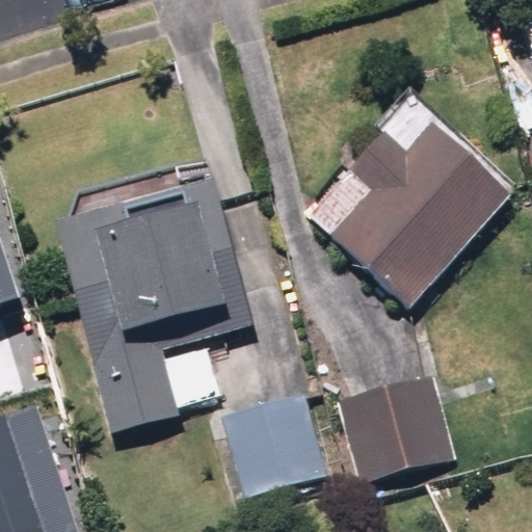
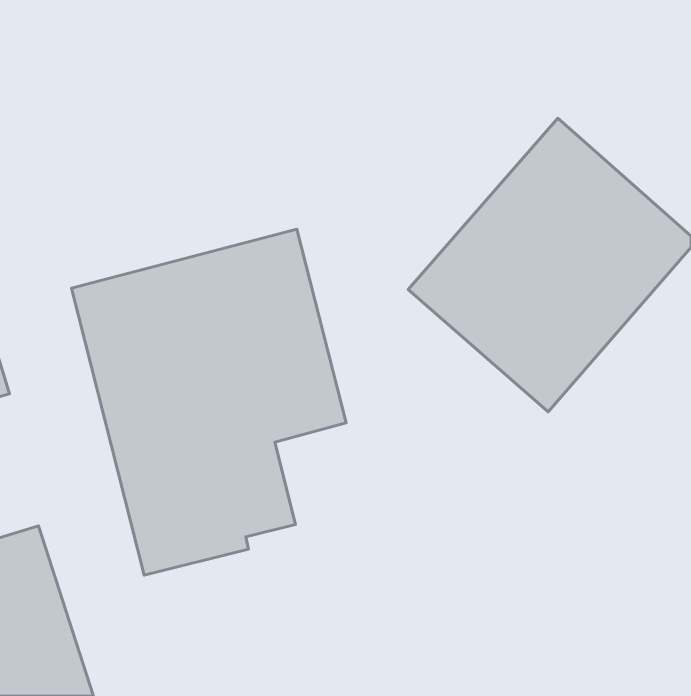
building: [339,374,458,489] -> none
building: [217,390,322,503] -> none

